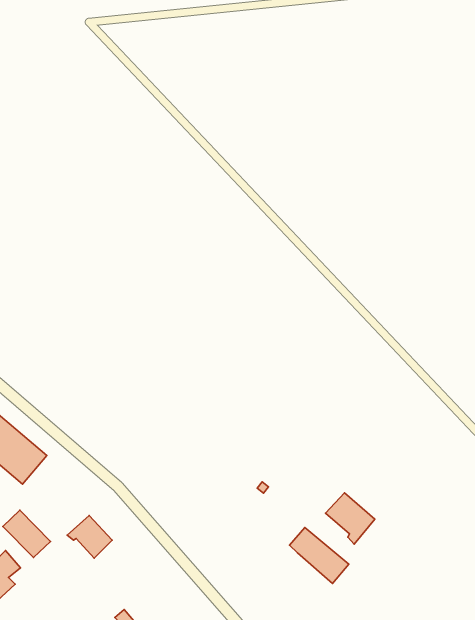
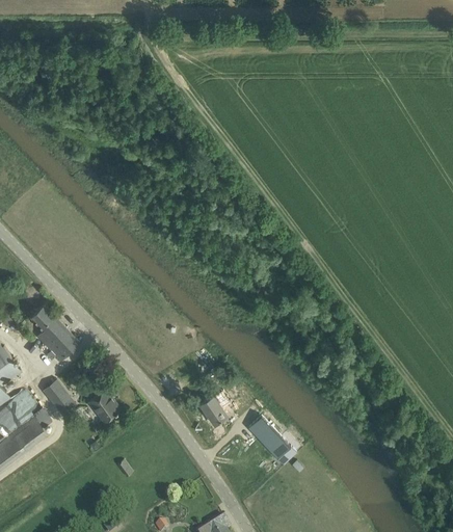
building: [326,493,375,544] -> none
building: none -> [198,395,225,424]

